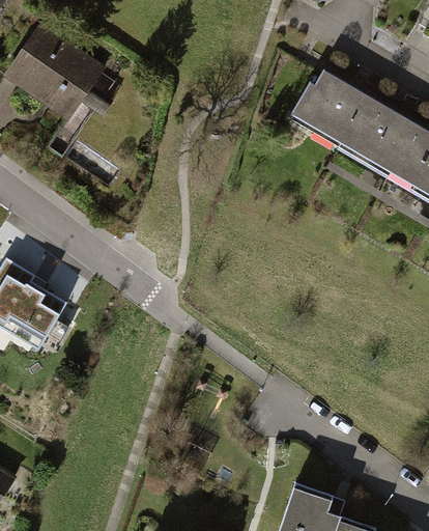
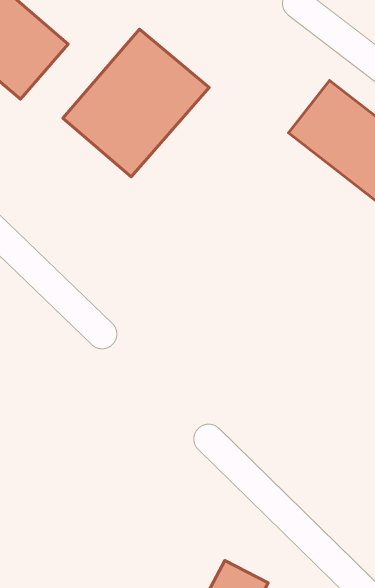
building: none -> [63,29,209,177]

